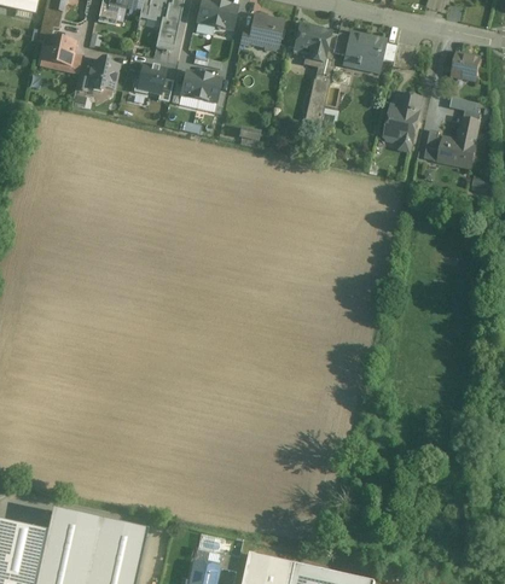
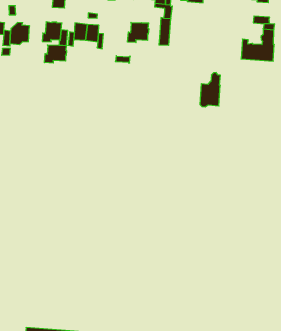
building: none -> [128,22,149,43]
building: [383,93,419,142] -> [200,73,220,107]
building: none -> [44,45,67,63]

